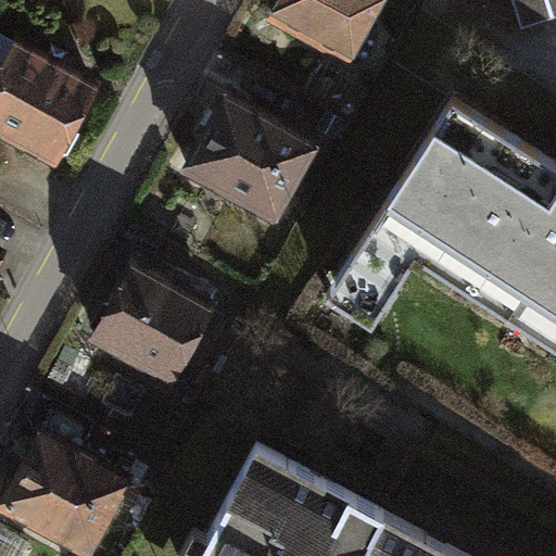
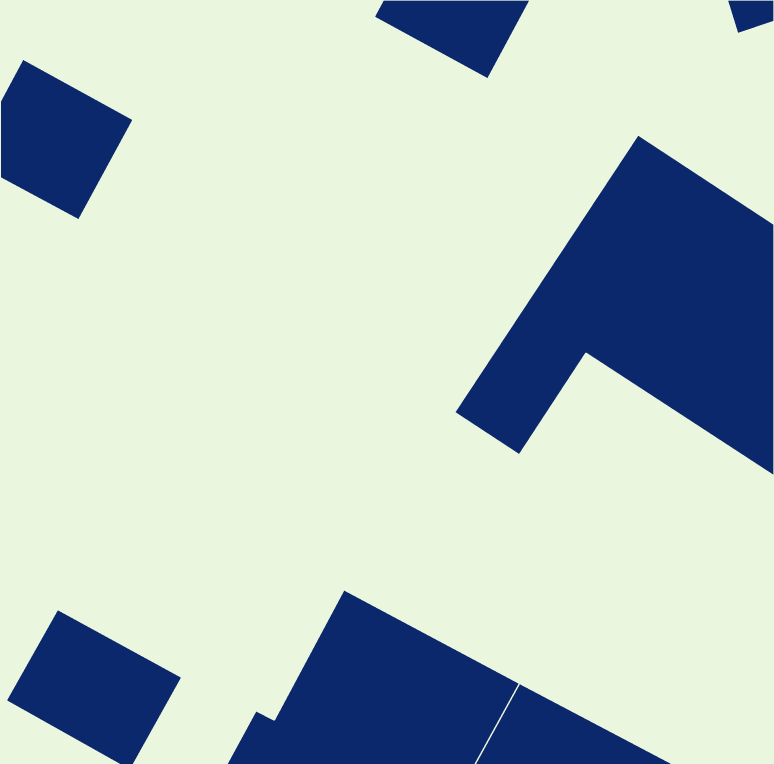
building: [185,99,313,223] -> none
building: [96,269,213,381] -> none

